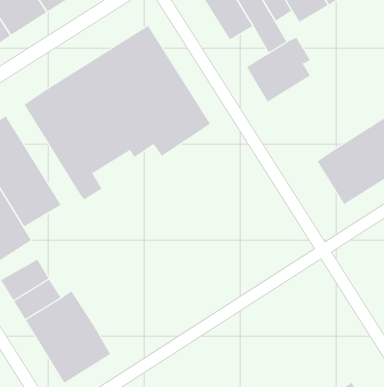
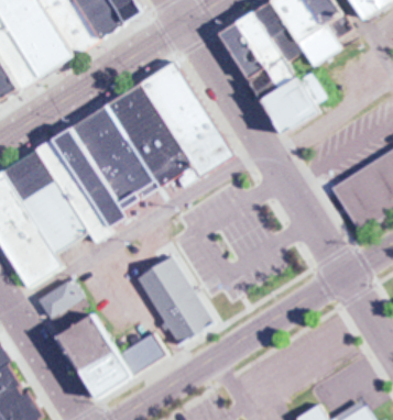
building: none -> [247,64,283,102]
building: none -> [37,137,106,231]
building: none -> [132,255,210,345]
building: none -> [119,333,162,371]

